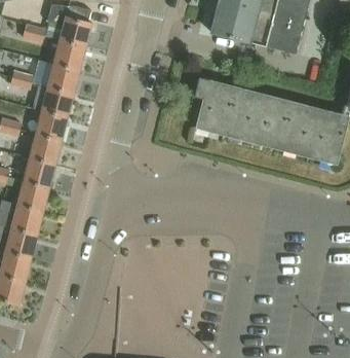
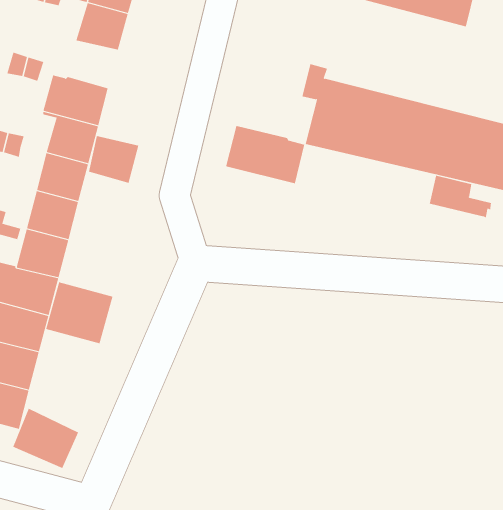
building: [48,64,80,94] -> [88,136,139,183]
building: none -> [226,125,305,184]
building: none -> [429,175,493,218]
building: none -> [45,282,113,344]
building: none -> [13,408,79,469]

